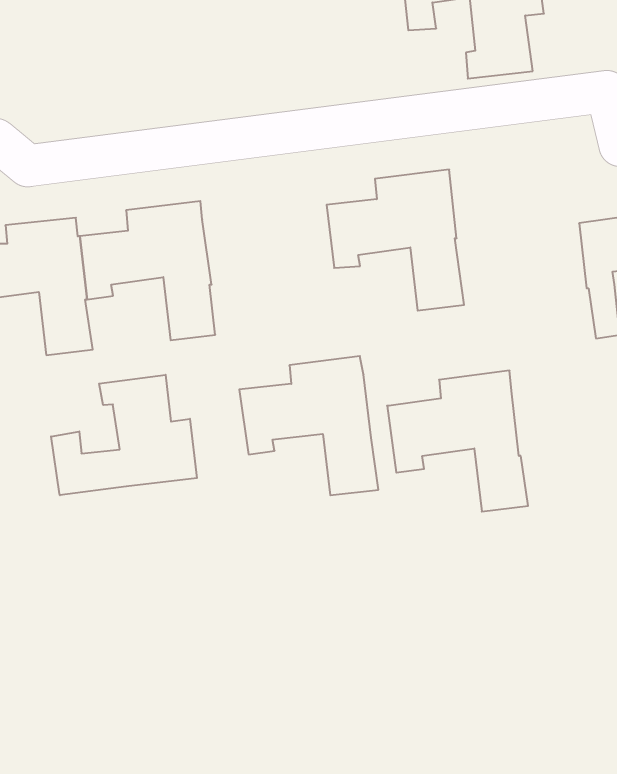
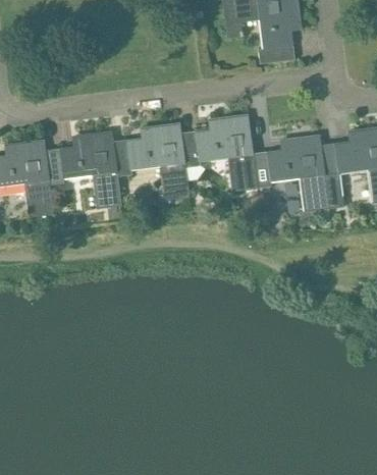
building: [239,356,378,495] -> [114,123,191,200]
building: [387,371,528,512] -> [253,133,330,210]
building: [51,375,197,495] -> none

